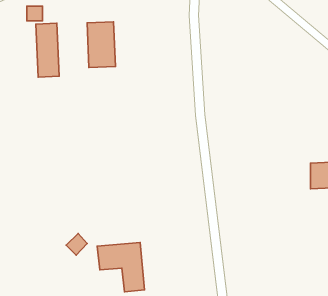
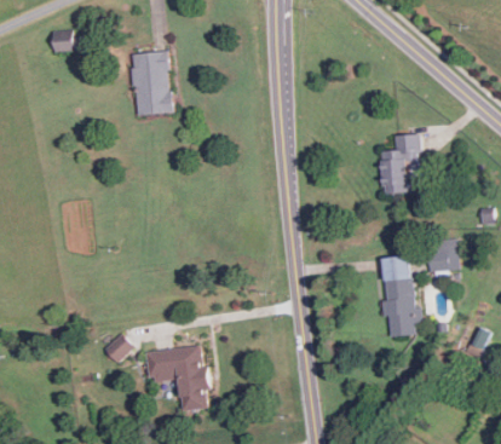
building: [36,23,59,77] -> none
building: none -> [380,134,419,194]
building: none -> [382,256,413,335]

